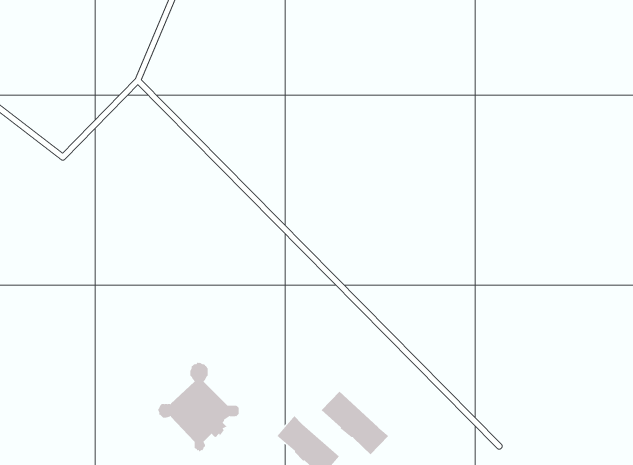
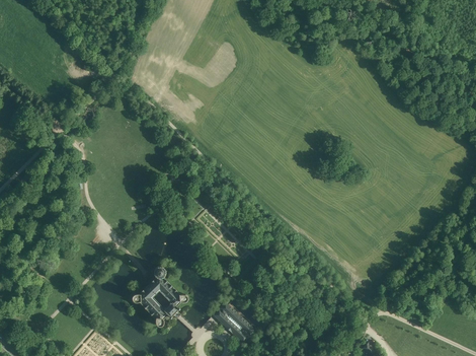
building: [321,391,389,455] -> none

